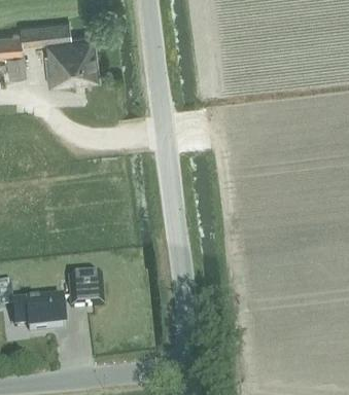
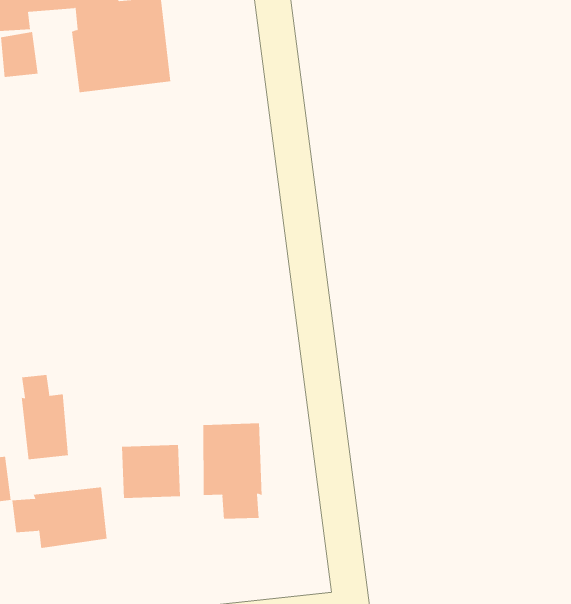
building: none -> [21,374,68,460]
building: none -> [203,422,262,520]

